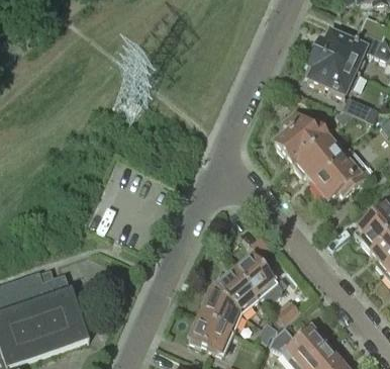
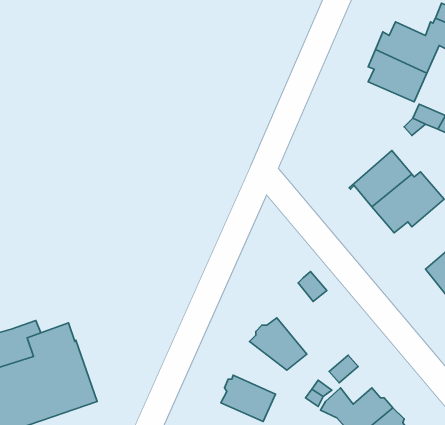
building: [273,110,326,165] -> none
building: [233,254,286,301] -> none
building: [198,289,241,332] -> none

